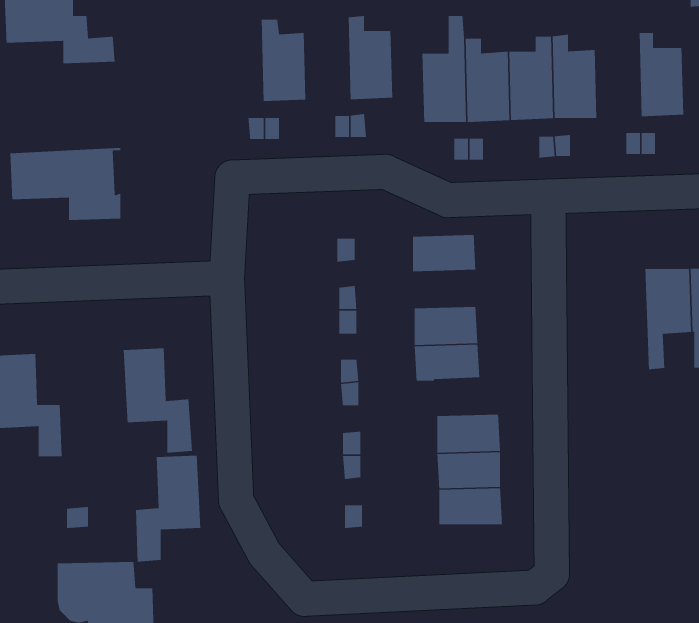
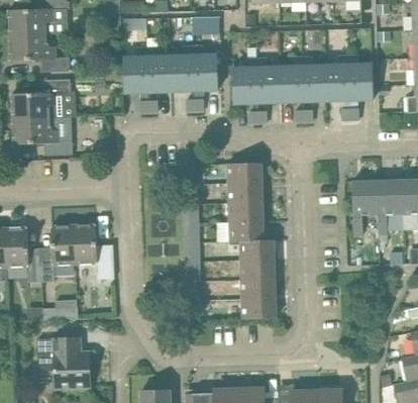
building: none -> [171,46,195,91]
building: none -> [124,47,148,93]
building: none -> [326,55,350,101]
building: none -> [12,79,71,119]
building: none -> [228,182,263,202]
building: none -> [240,239,275,260]
building: [135,455,201,562] -> [40,224,76,282]

